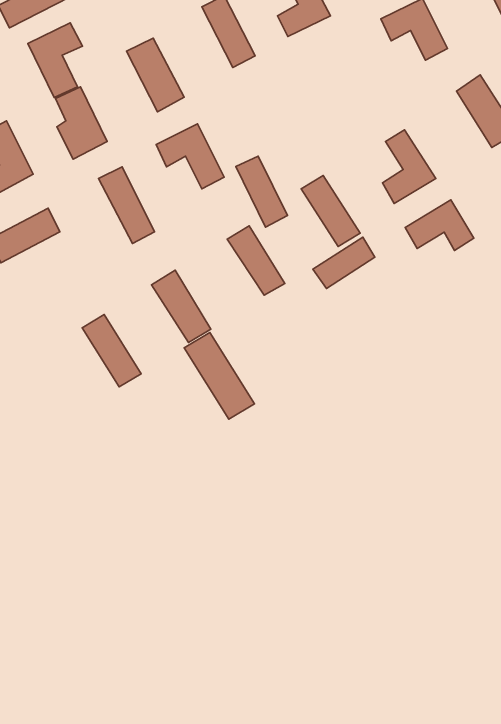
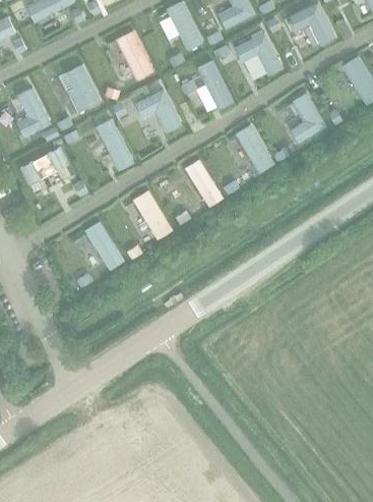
building: [28,23,82,98] -> none
building: none -> [234,32,282,74]
building: [236,156,288,227] -> [197,60,233,109]
building: [405,200,474,251] -> none
building: [313,237,375,289] -> none
building: [184,332,254,419] -> none

